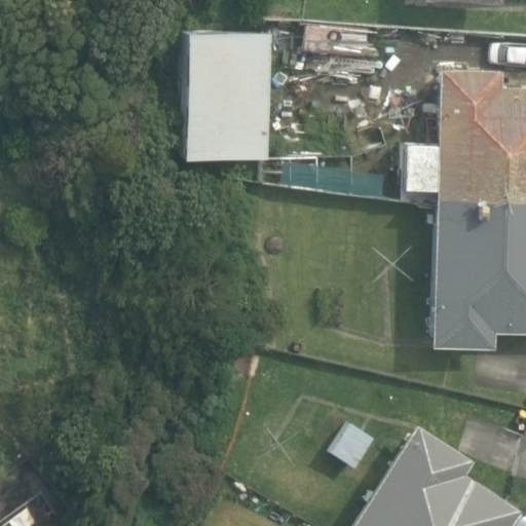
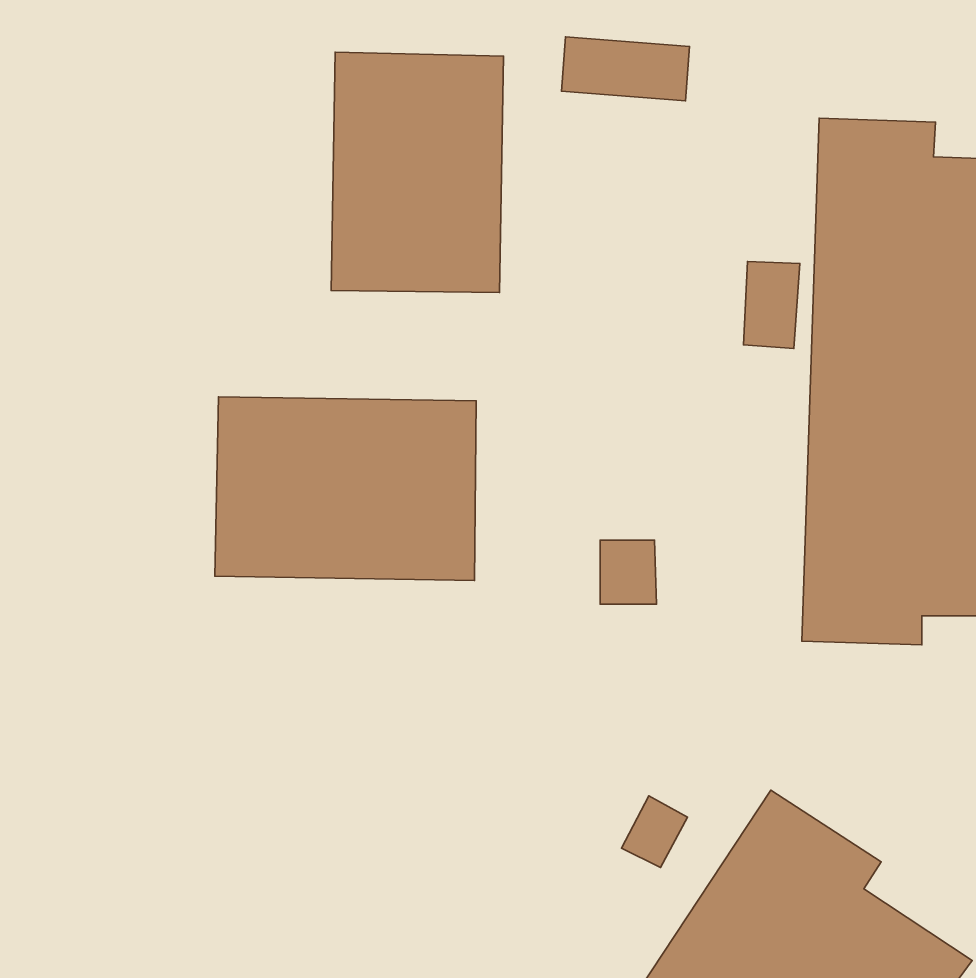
building: none -> [215,397,476,580]

